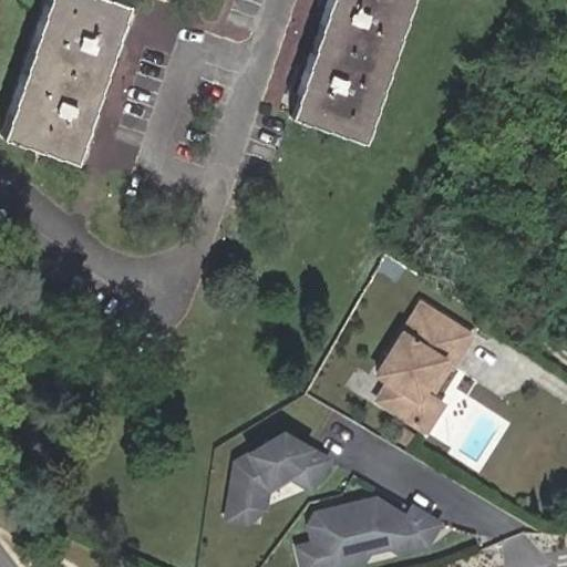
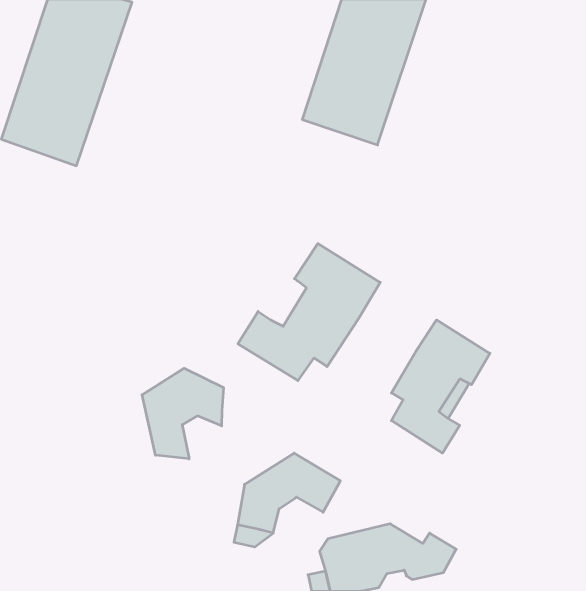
building: none -> [238,244,380,381]
building: none -> [142,368,223,459]

